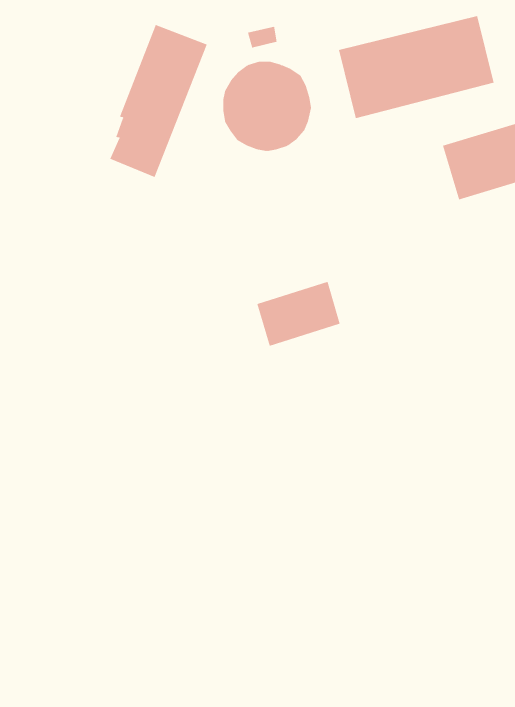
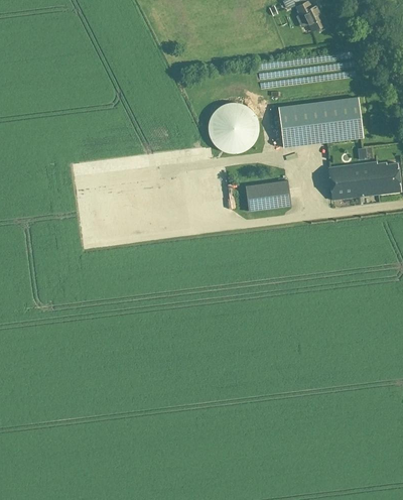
building: [110,24,208,178] -> none
building: [256,281,341,347] -> [245,179,290,211]

